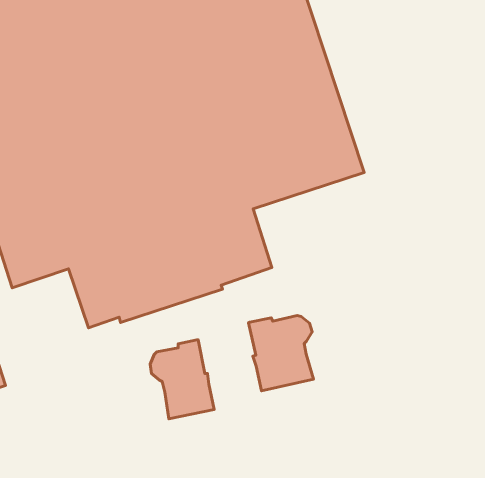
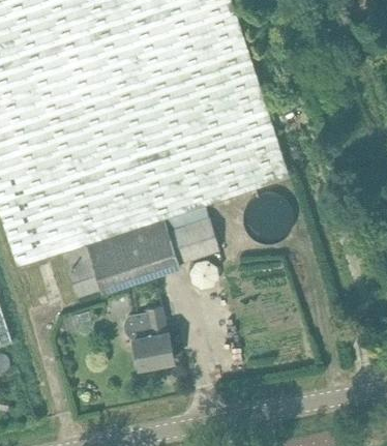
building: [248,315,313,391] -> none

